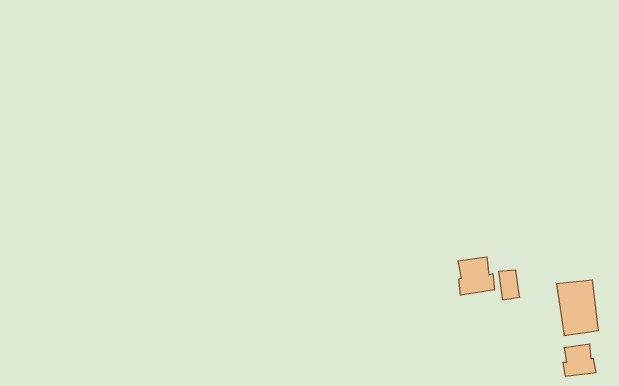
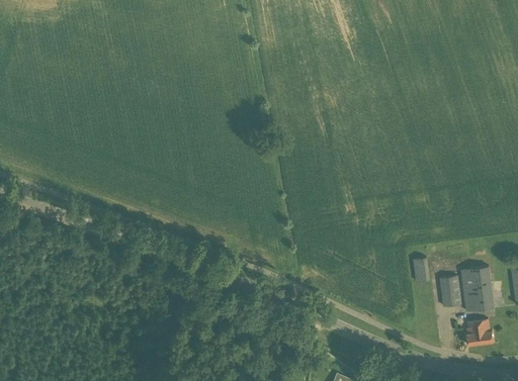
building: [458,257,494,295] -> none
building: none -> [438,276,460,307]

